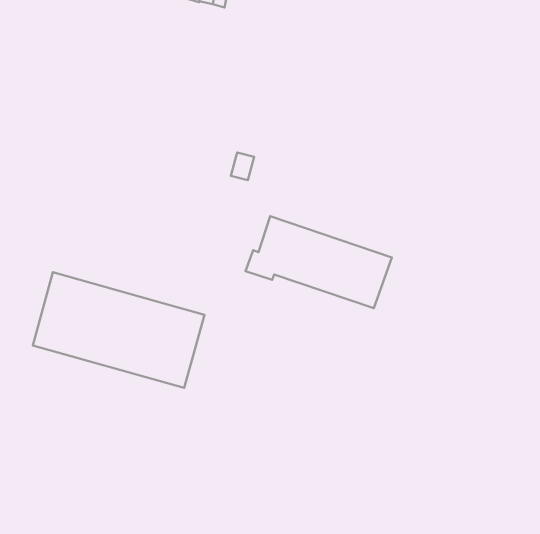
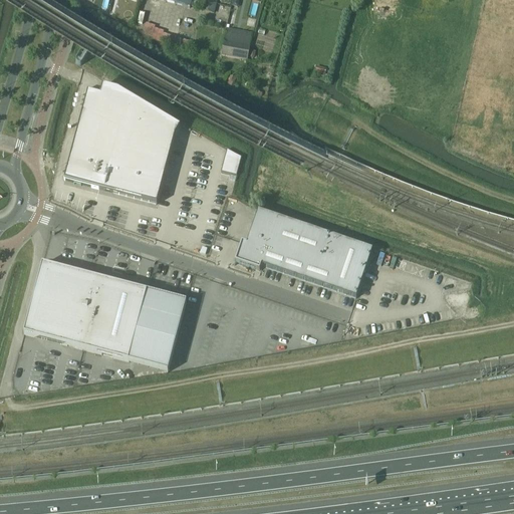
building: none -> [220,22,251,54]
building: none -> [63,80,179,199]

